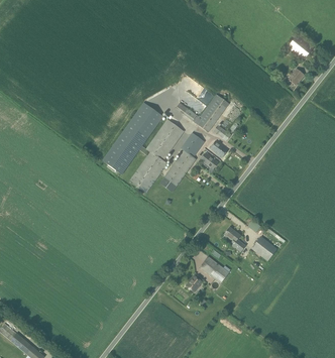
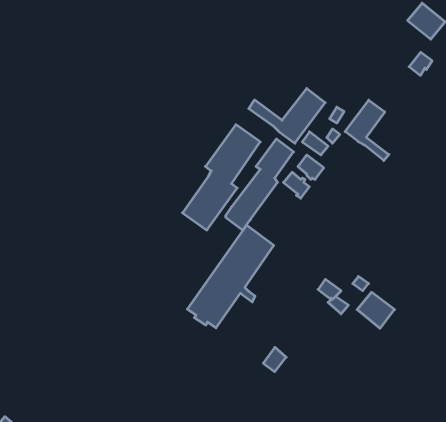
building: [102,101,162,172] -> [187,225,274,328]
building: none -> [345,100,389,161]
building: [200,255,229,281] -> none

